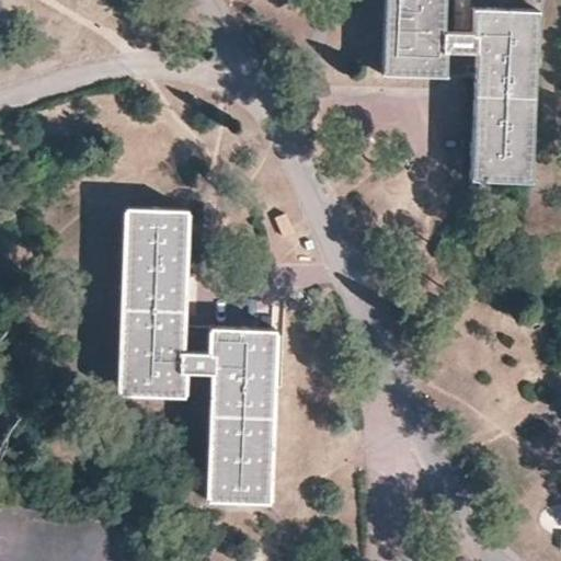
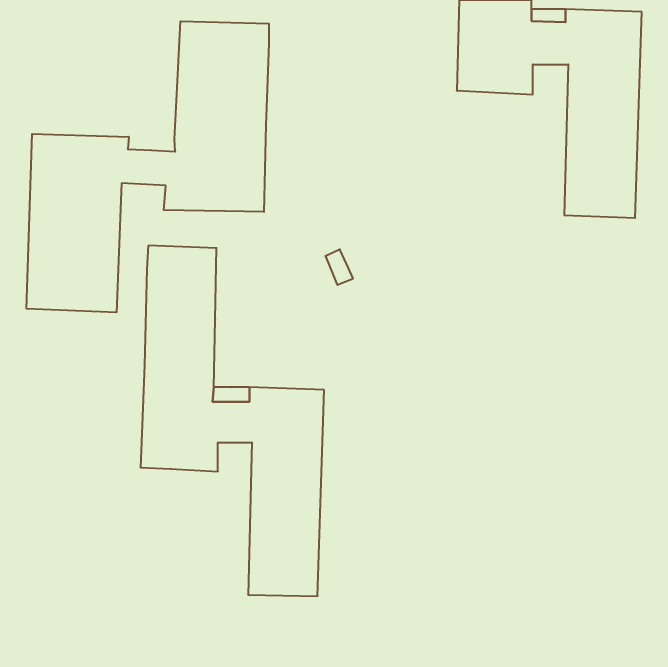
building: none -> [27,21,269,312]

